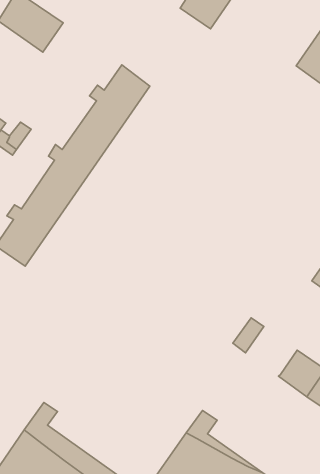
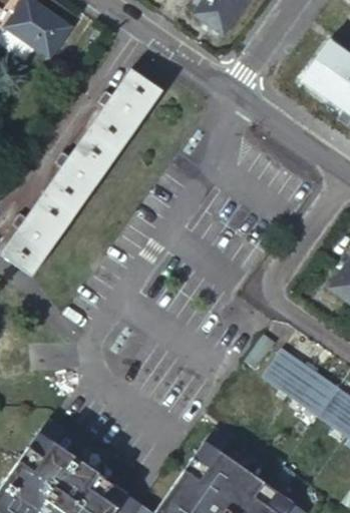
building: none -> [263,348,309,394]

